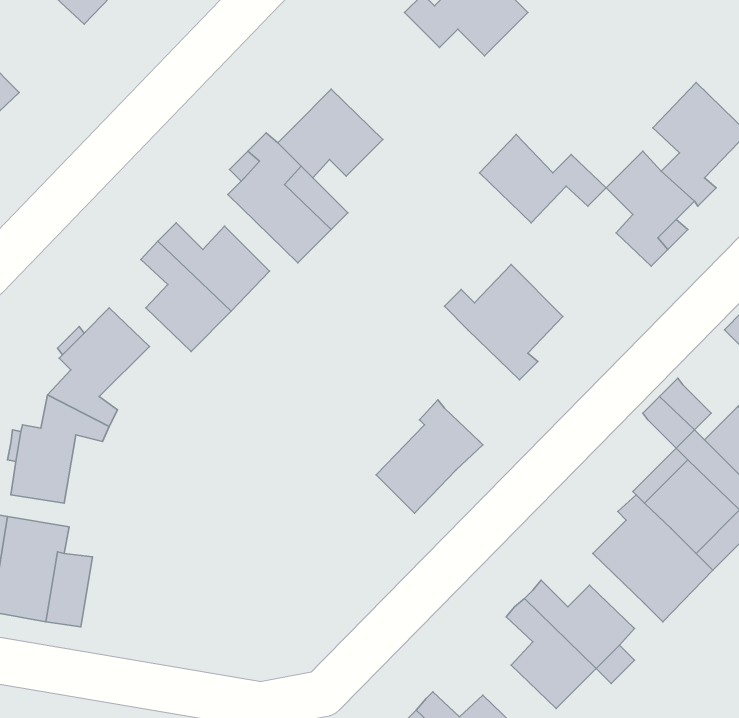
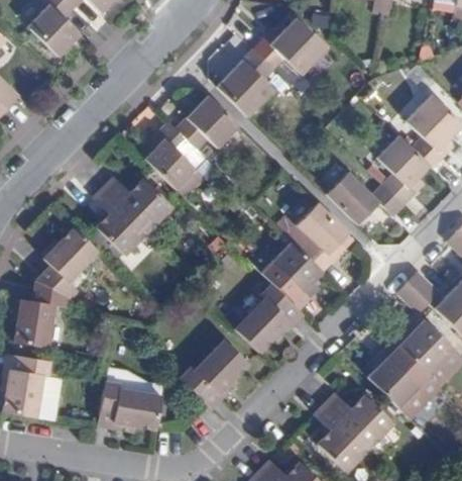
building: none -> [217,49,274,116]
building: [480,134,606,223] -> [326,170,402,223]
building: none -> [272,240,323,308]
building: none -> [181,340,249,404]
building: none -> [99,381,162,428]

